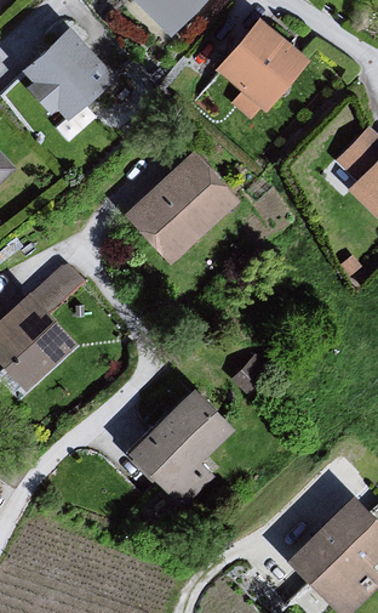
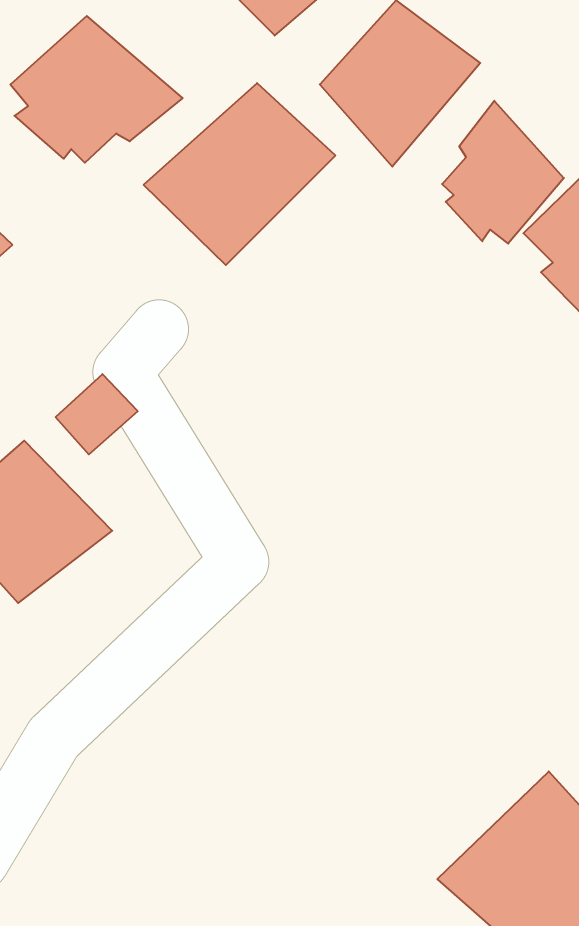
building: none -> [442,101,564,244]
building: [124,153,242,266] -> [144,83,335,265]
building: [127,385,236,512] -> none

